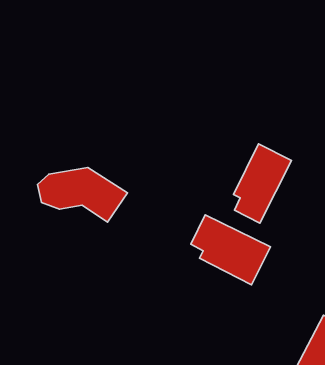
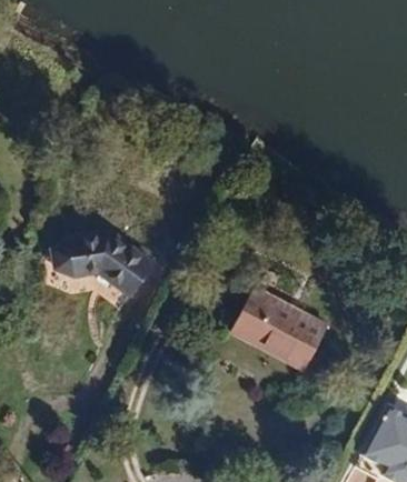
building: [234,144,291,223] -> none

